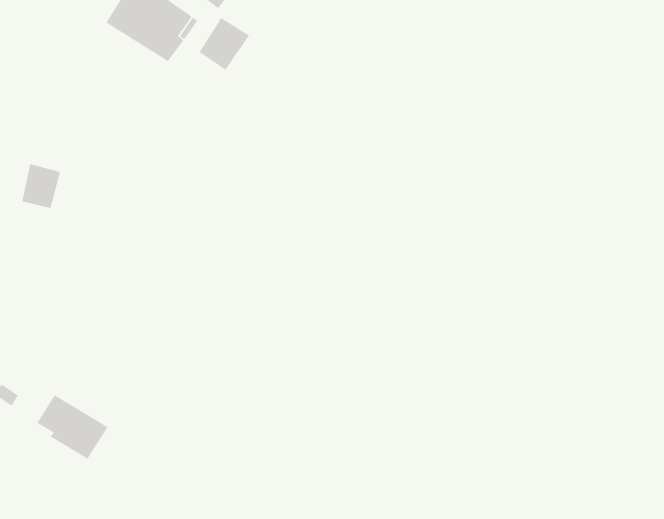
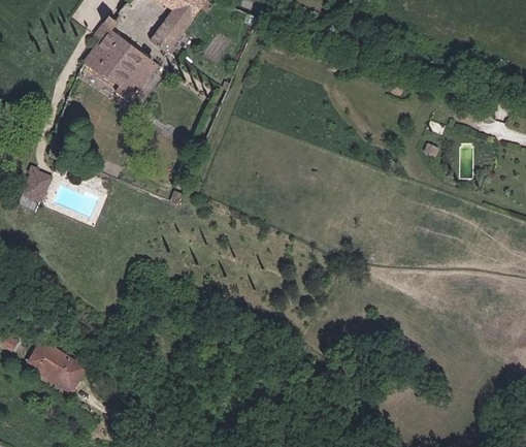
building: [199,17,250,70] -> none

